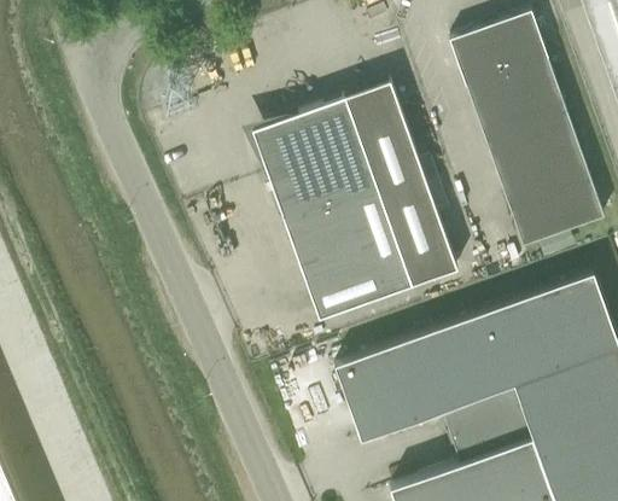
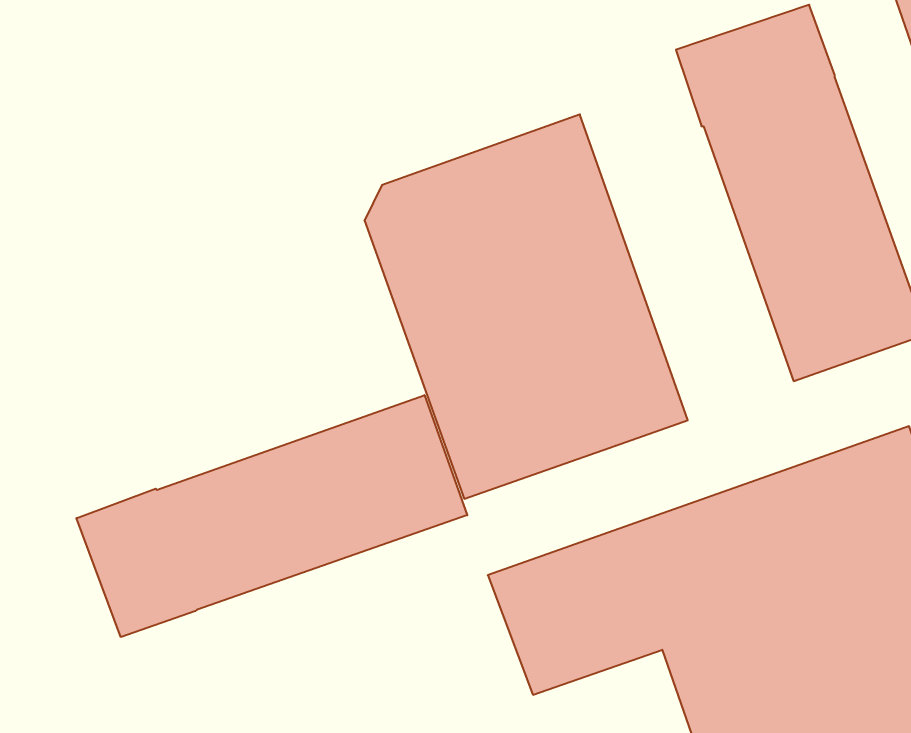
building: none -> [76,395,467,637]

